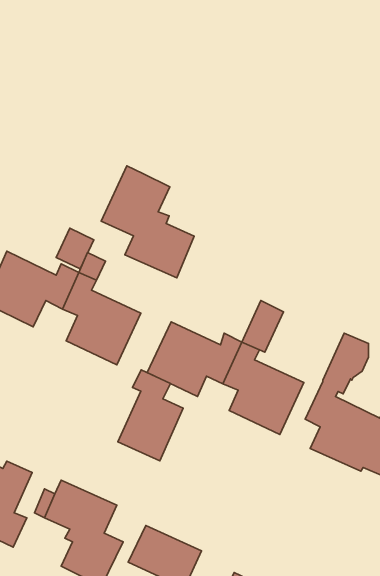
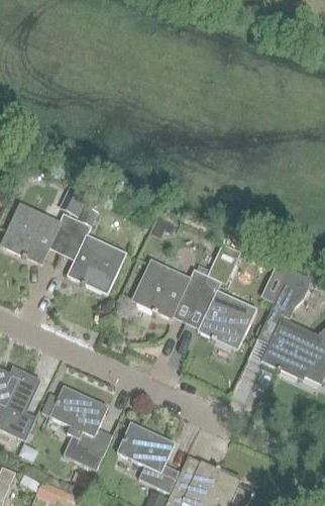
building: [101,166,194,278] -> none
building: [118,370,183,461] -> none

